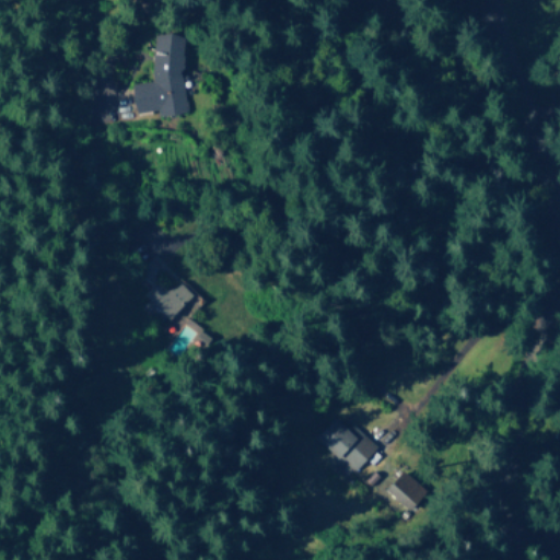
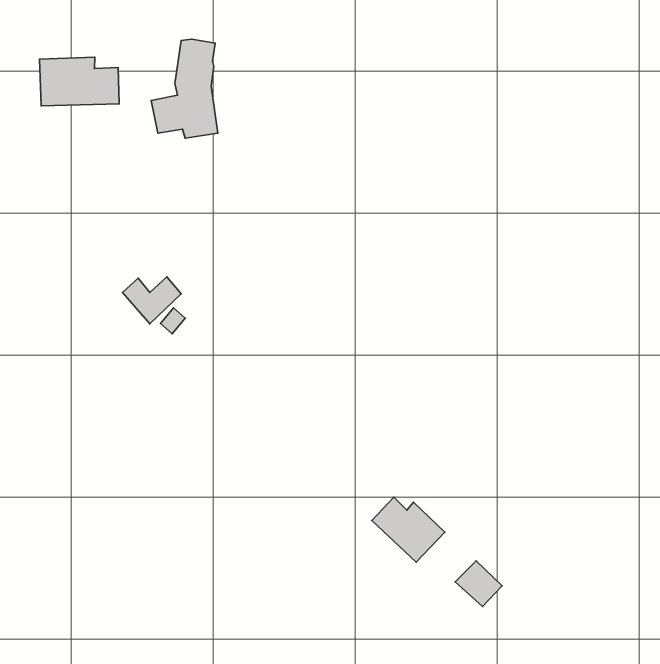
building: none -> [39,57,119,106]
building: [145,281,195,320] -> [123,277,181,324]

